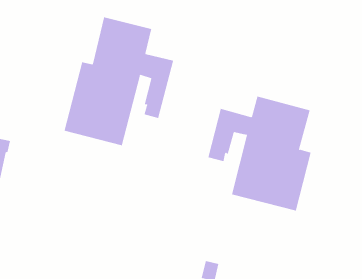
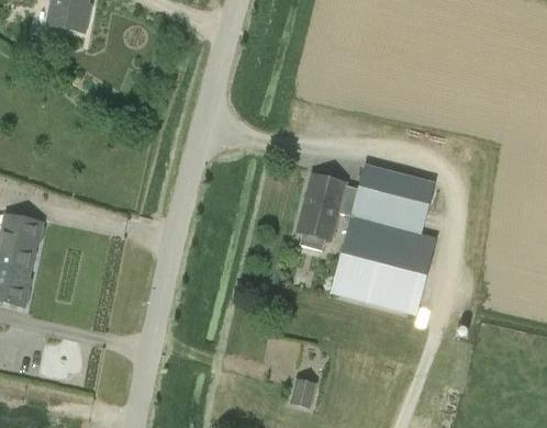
building: [64,17,174,146] -> none

